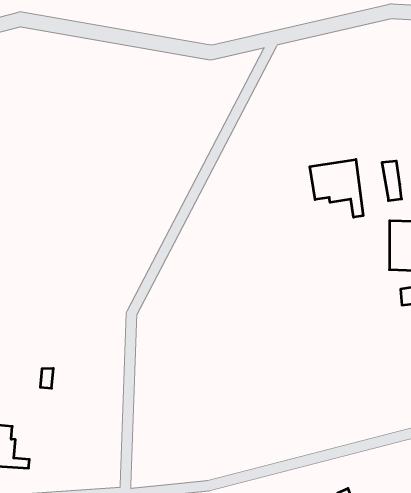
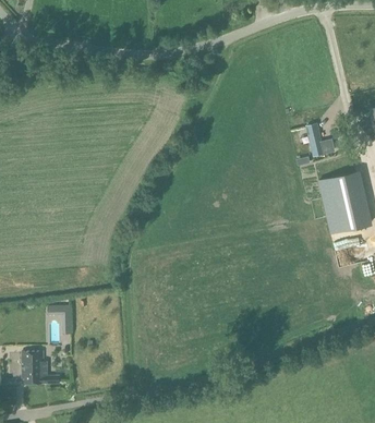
building: [310,159,363,217] -> none

